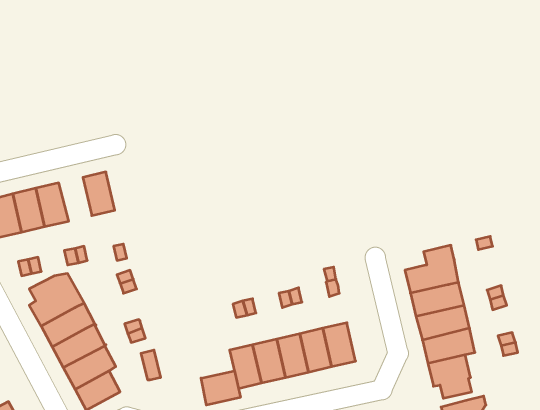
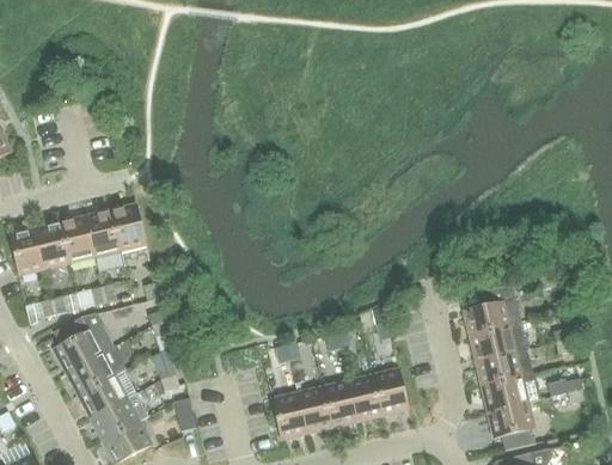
building: none -> [85,209,121,257]
building: [201,371,240,405] -> none

